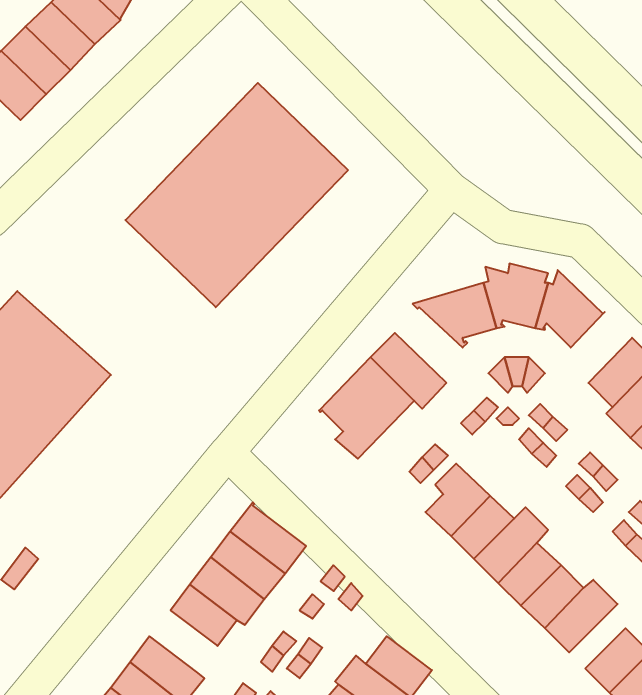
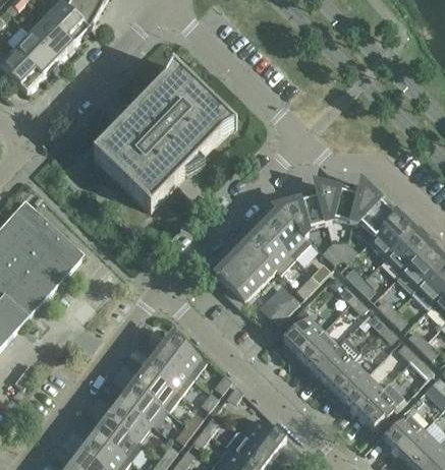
building: none -> [261,210,310,257]
building: none -> [366,213,410,257]
building: none -> [106,401,149,439]

